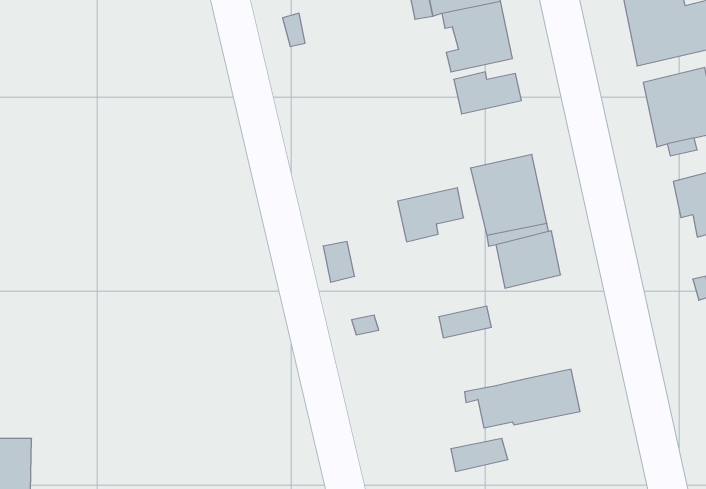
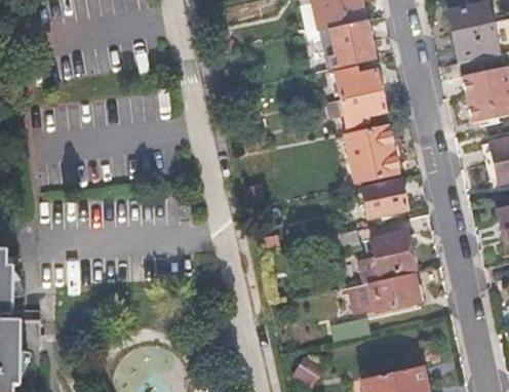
building: [398,188,464,242] -> [340,88,385,125]
building: none -> [358,229,416,283]

